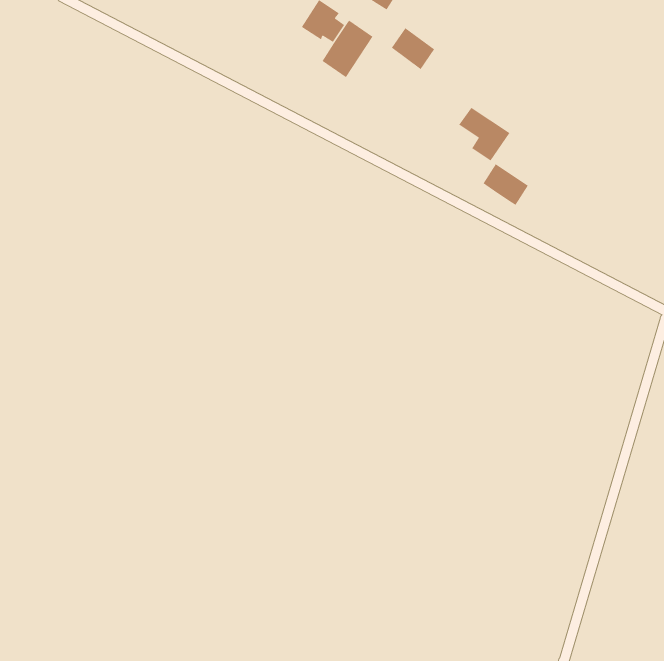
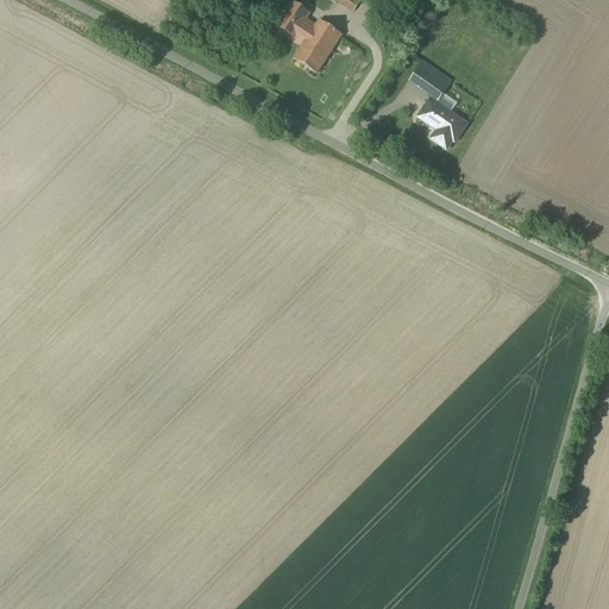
building: [391,27,435,70] -> [412,59,452,99]
building: [482,163,529,206] -> none

